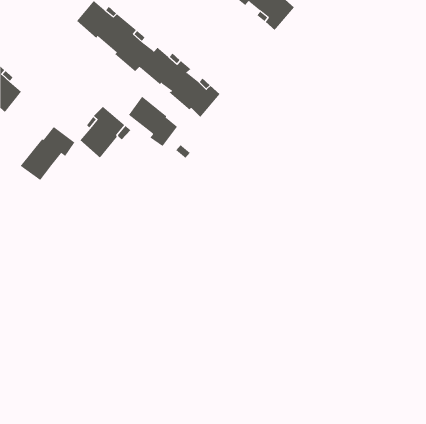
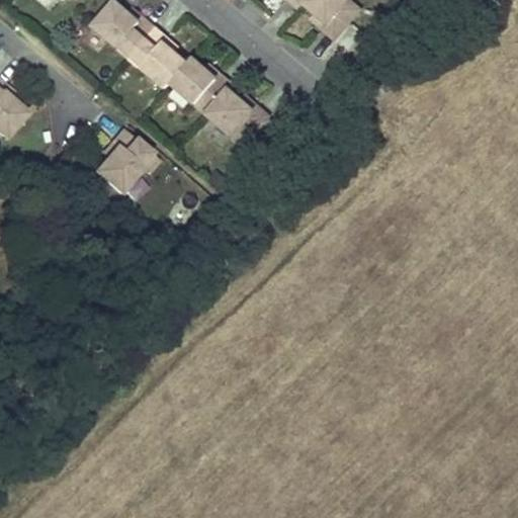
building: [128,96,178,147] -> none
building: [20,126,75,181] -> none

